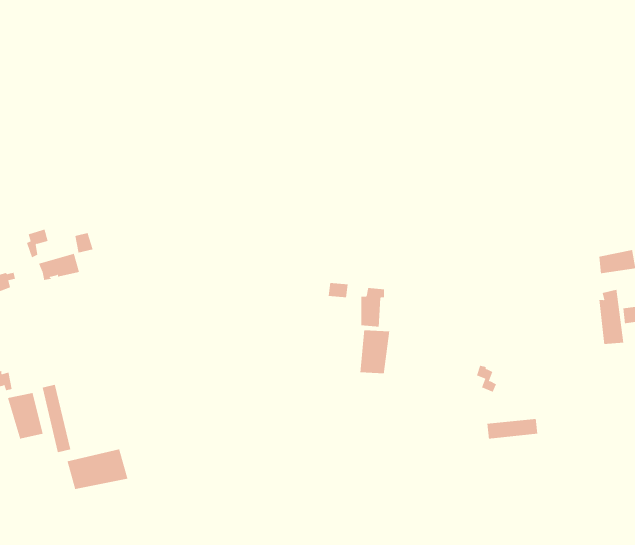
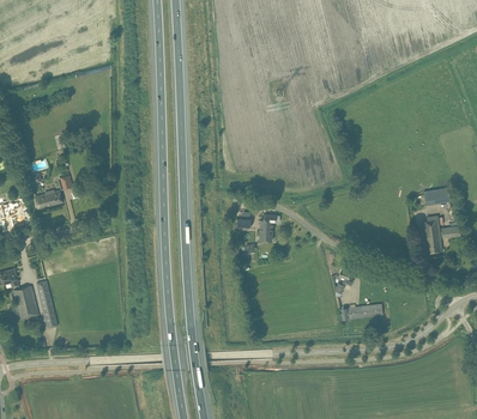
building: [360,330,390,374] -> none
building: [67,448,128,490] -> none

